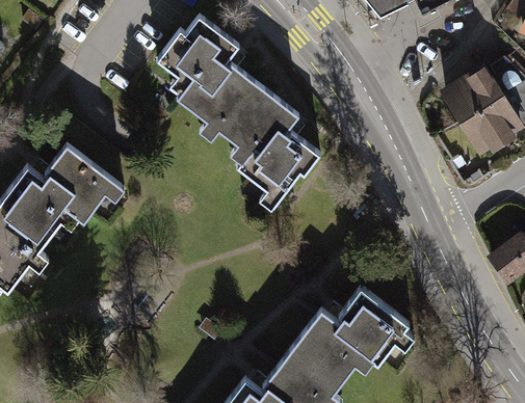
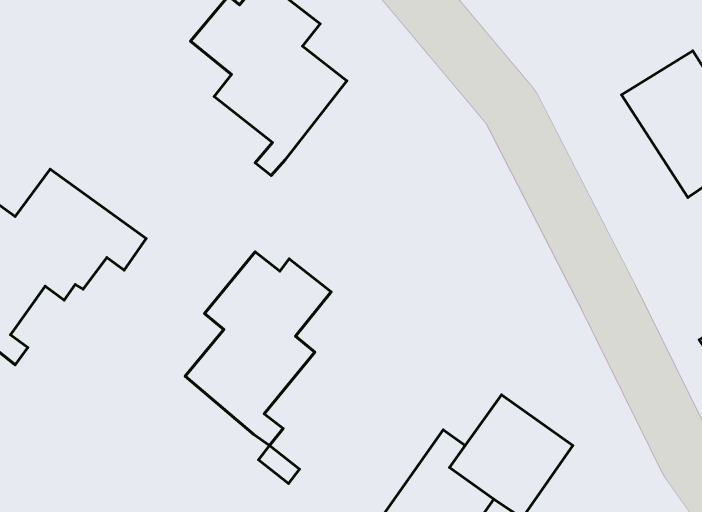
building: [218,83,314,211] -> none
building: none -> [185,252,331,446]

